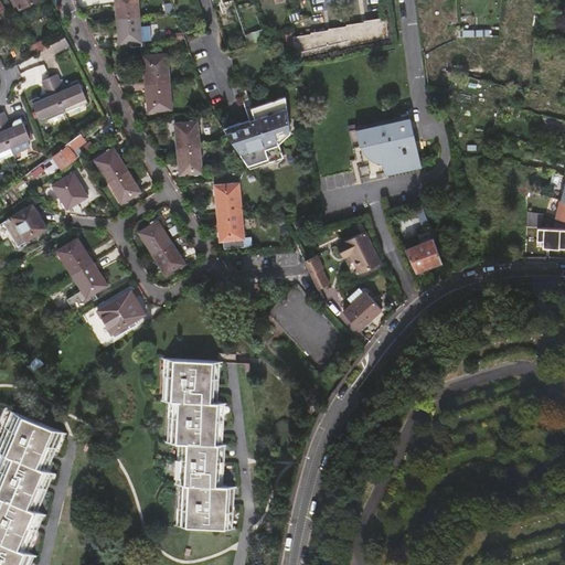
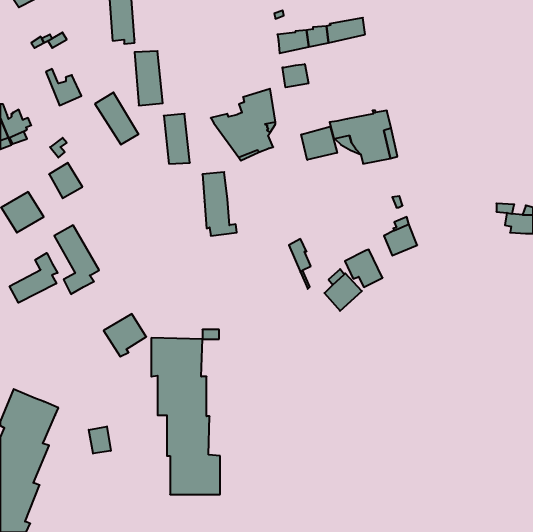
building: none -> [282,64,308,87]
building: [30,76,63,121] -> none
building: none -> [301,127,337,160]
building: [93,148,139,203] -> [95,92,139,145]
building: [137,220,183,276] -> none
building: [340,231,380,270] -> [345,250,383,287]
building: none -> [10,253,58,303]
building: [100,289,146,334] -> [104,314,146,357]
building: none -> [89,426,111,454]

